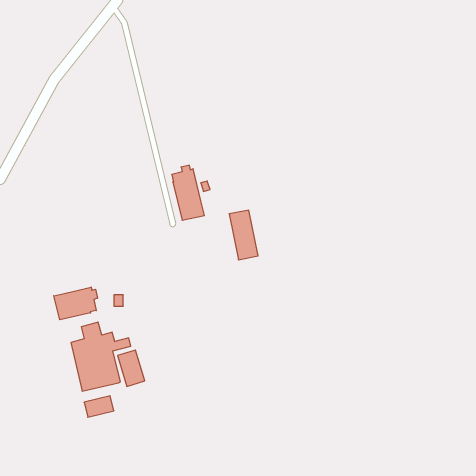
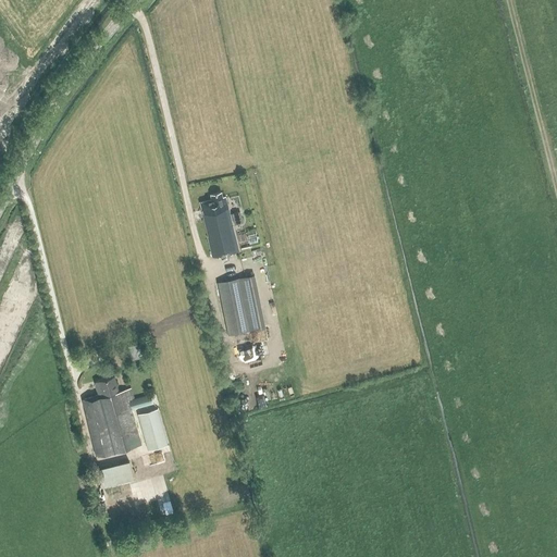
building: [229,210,258,260] -> [218,278,251,336]
building: [54,287,98,320] -> none

